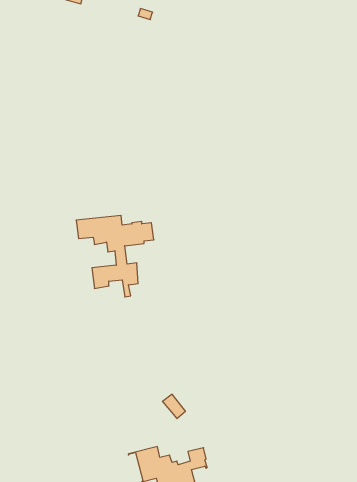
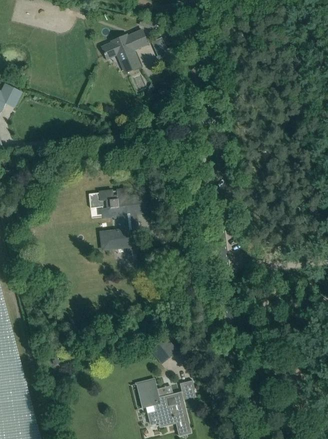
building: none -> [101,30,147,73]

